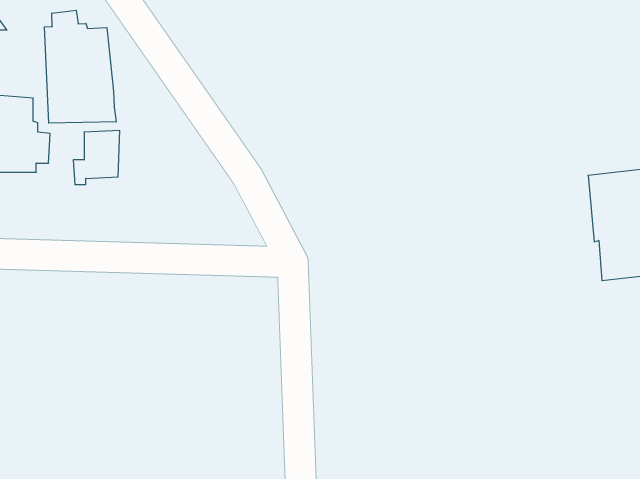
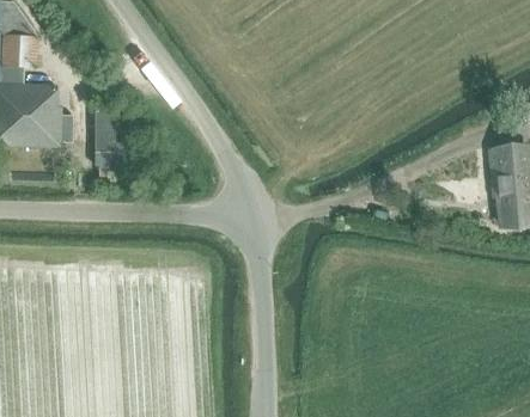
building: [45,10,116,123] -> none

